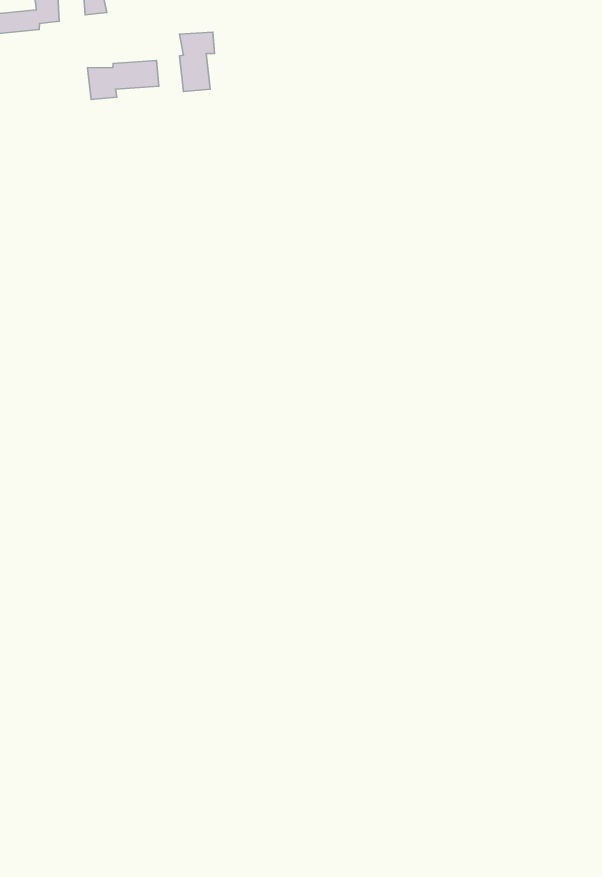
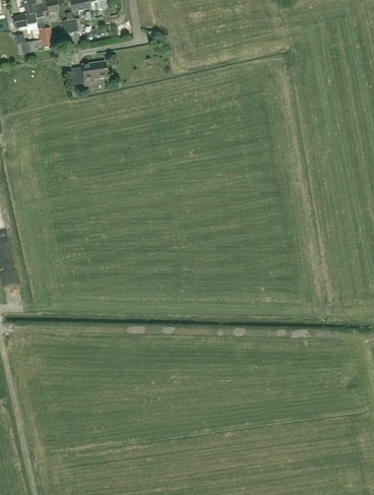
building: [180,32,215,92] -> none

